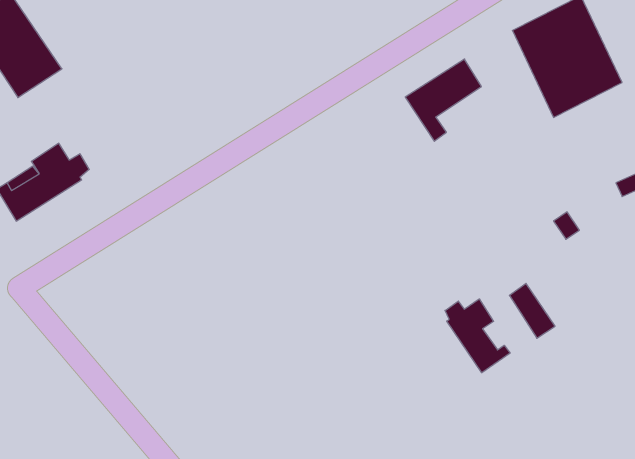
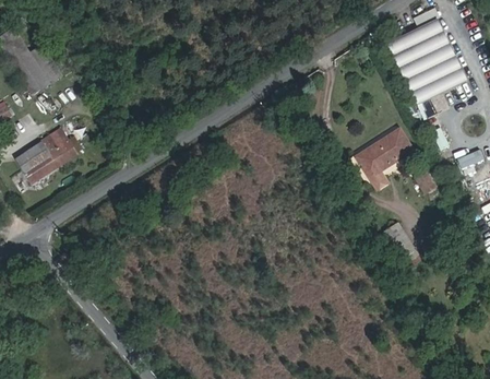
building: [405,59,481,141] -> [356,131,410,190]
building: [445,299,510,373] -> none

